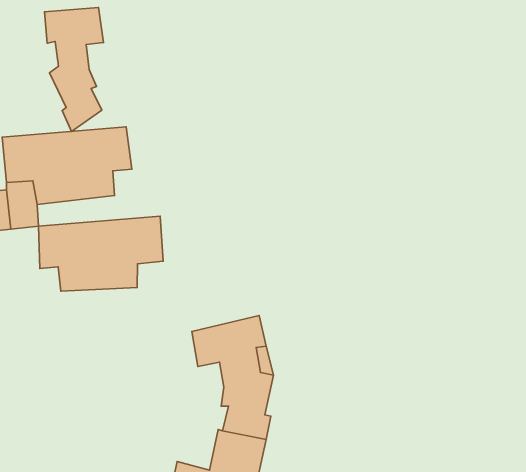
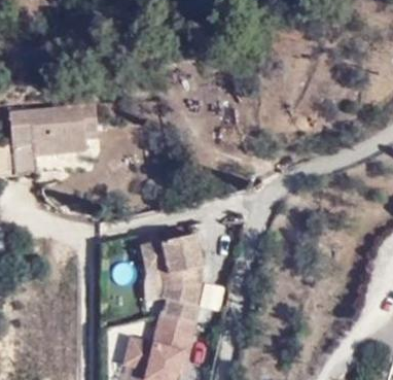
building: [45,8,103,131] -> none
building: [39,216,163,291] -> none

